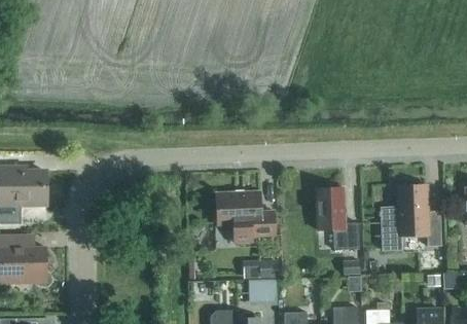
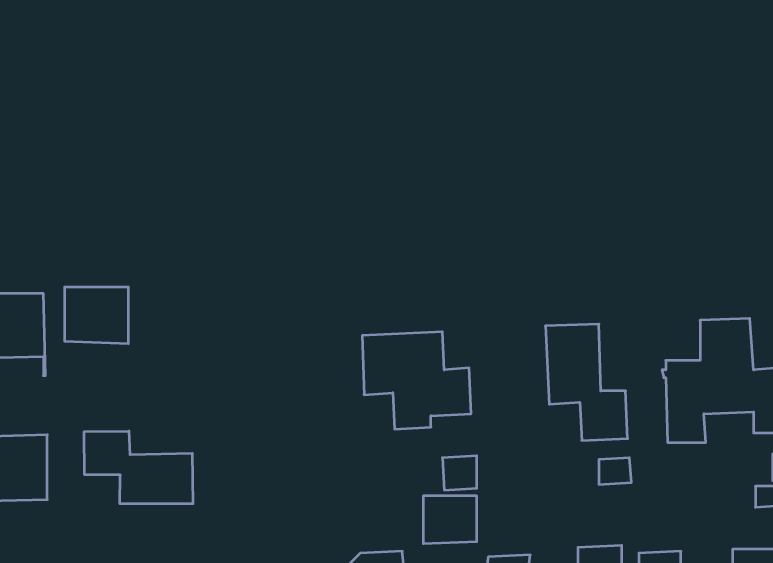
building: none -> [65,287,128,344]
building: none -> [84,431,193,504]

